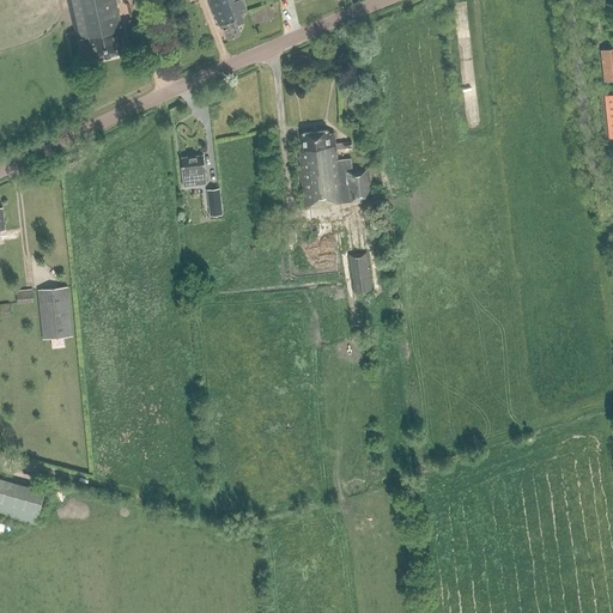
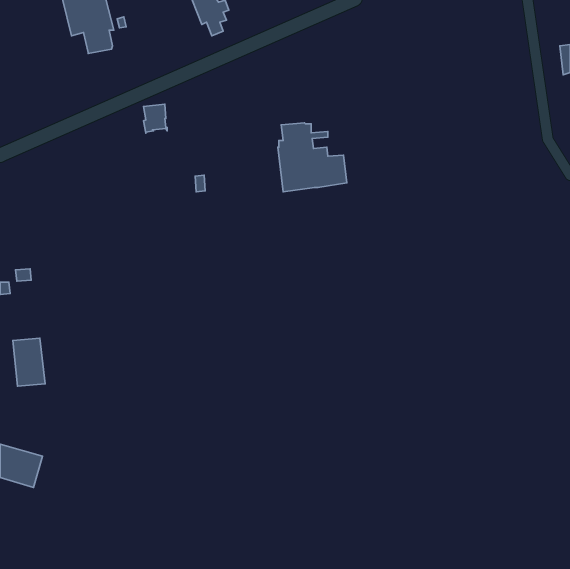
building: [181,154,206,186] -> [144,104,167,133]
building: [348,251,371,292] -> none
building: [38,286,73,338] -> [13,338,45,386]

